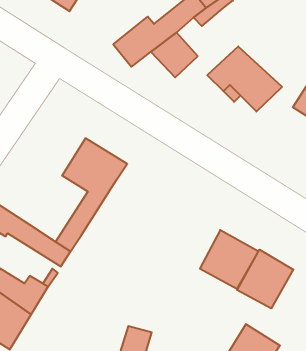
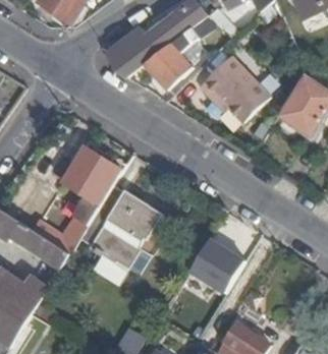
building: none -> [78,185,162,268]
building: [237,250,293,308] -> none

